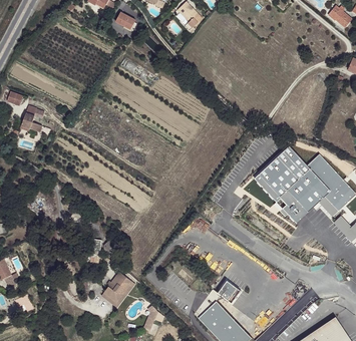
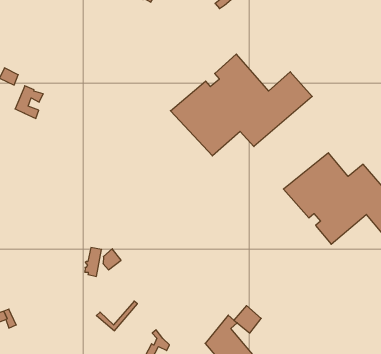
building: none -> [170,54,312,156]
building: [103,272,131,303] -> none

